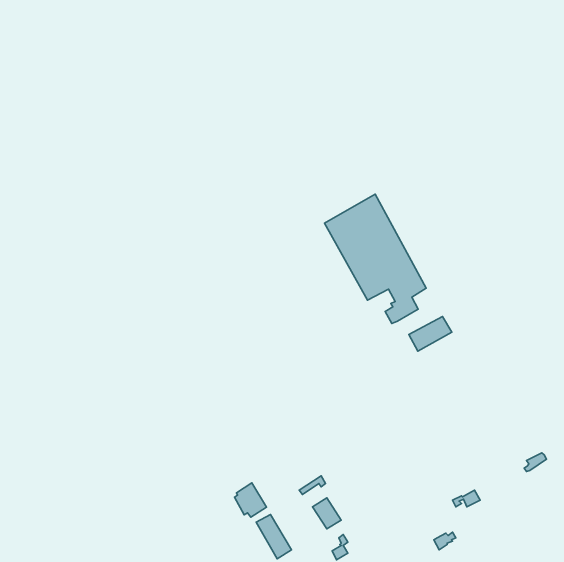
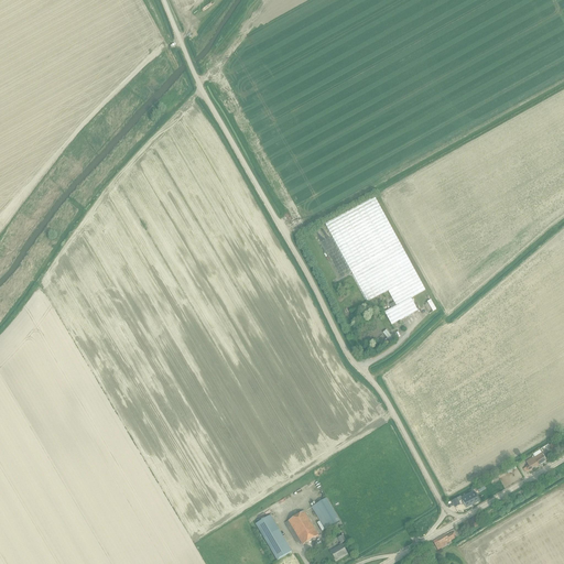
building: [409,316,452,351] -> none
building: [234,483,266,517] -> [286,509,318,543]

